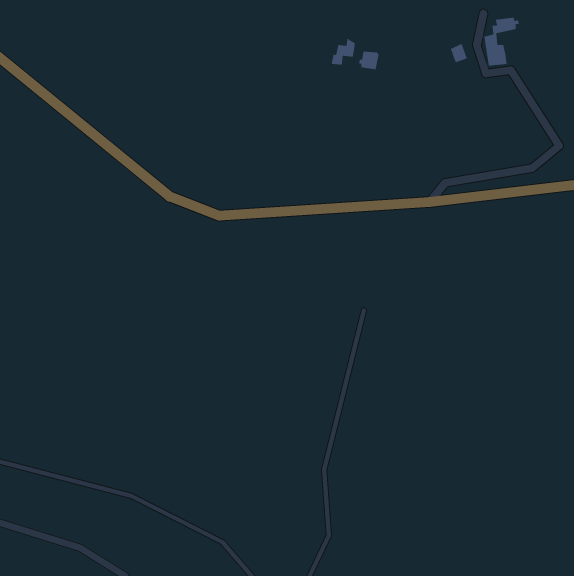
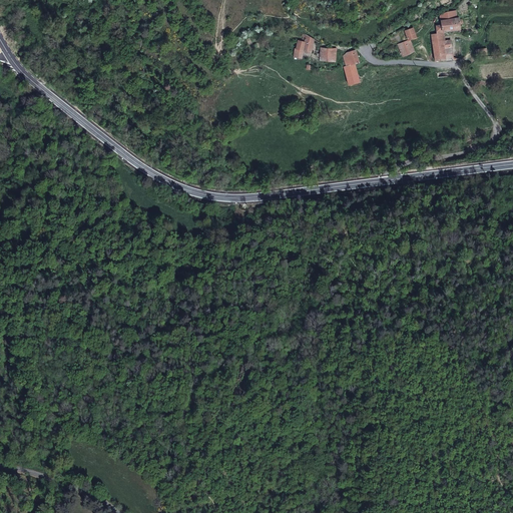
building: none -> [345,49,361,84]

